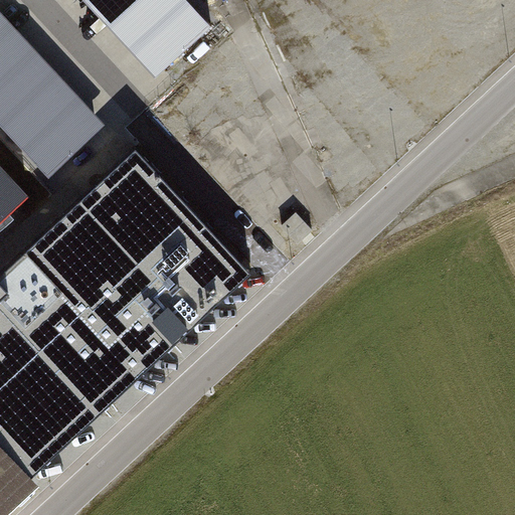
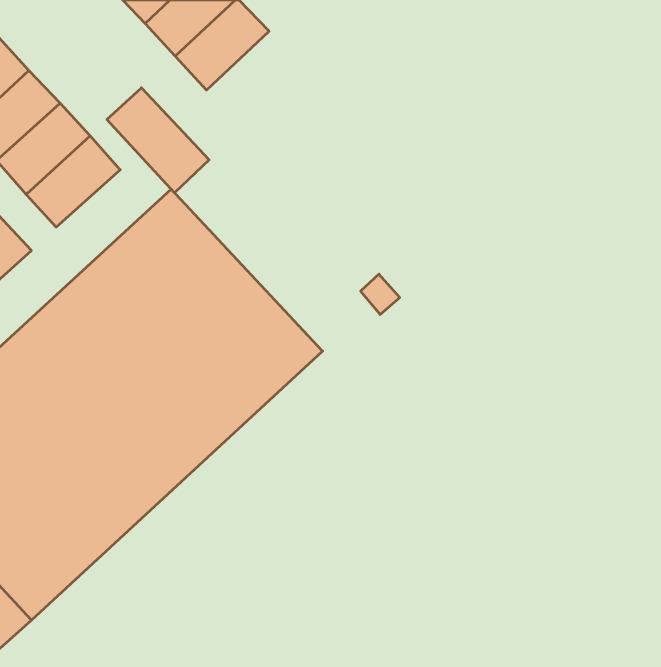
building: none -> [107,88,209,193]

